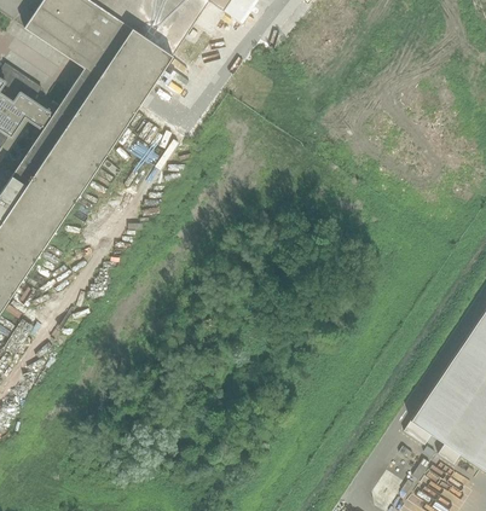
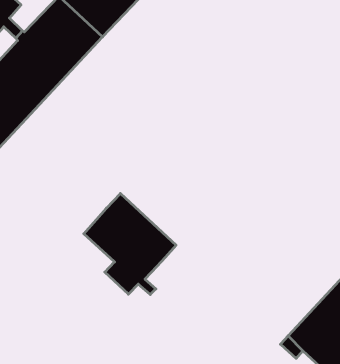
building: none -> [84,193,176,295]

